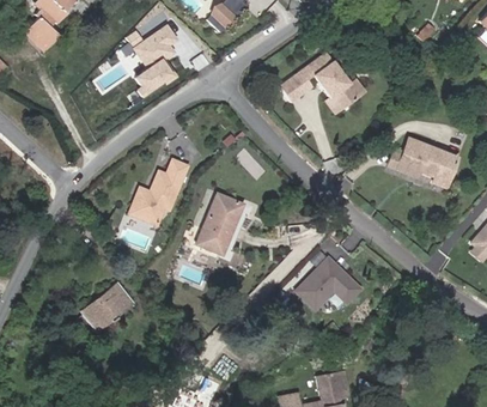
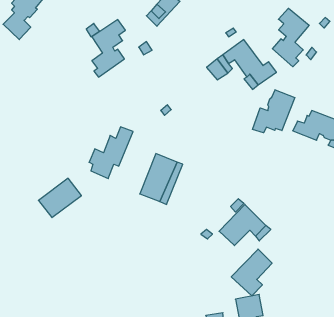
building: none -> [272,8,309,67]
building: none -> [252,90,295,133]
building: [80,281,134,330] -> [38,178,81,218]
building: none -> [231,249,272,296]

